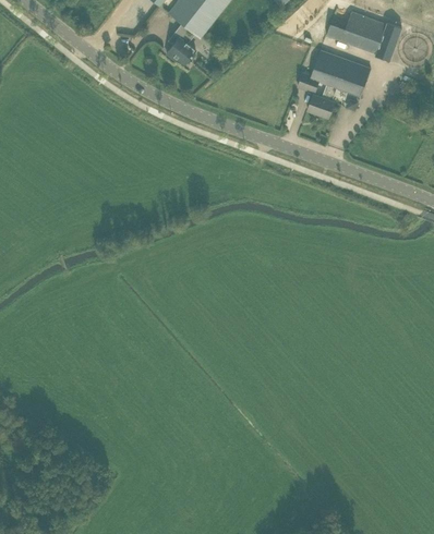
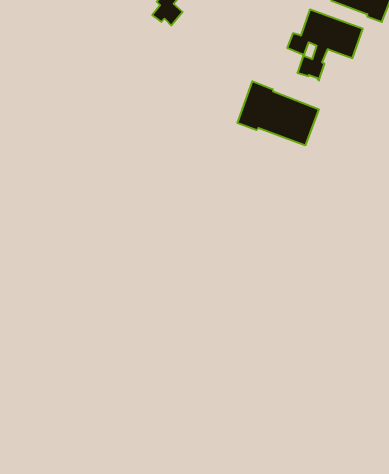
building: none -> [237,81,319,145]

